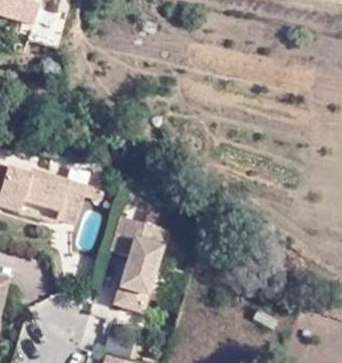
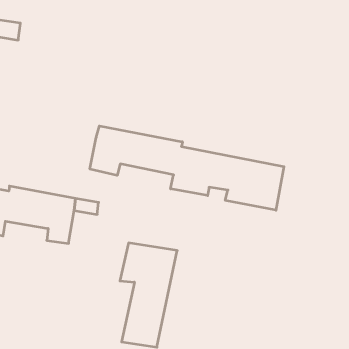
building: none -> [90,126,284,210]

